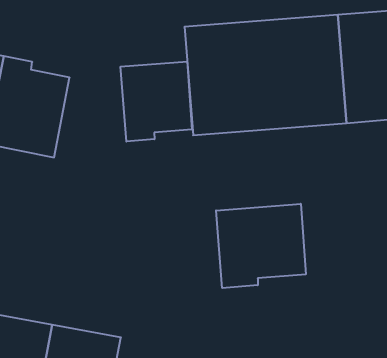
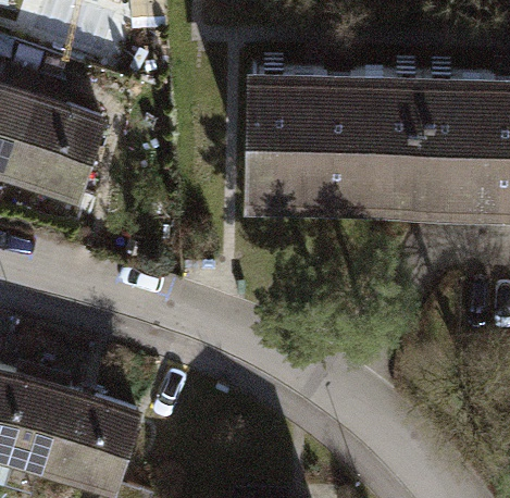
building: [121,61,192,142] -> none
building: [216,204,306,288] -> none

